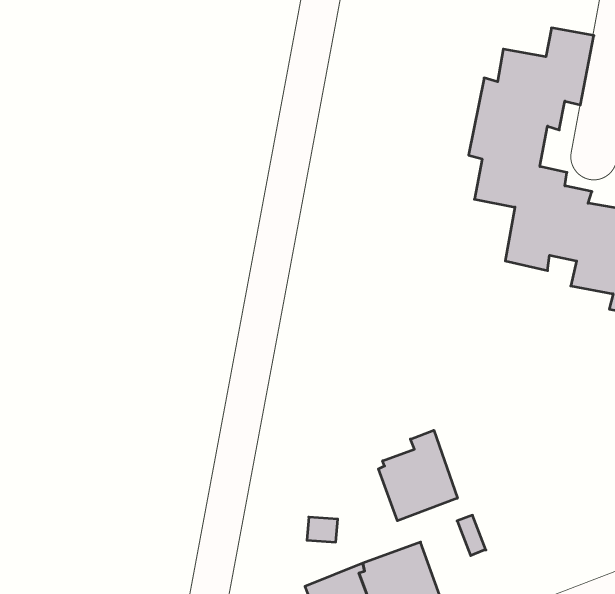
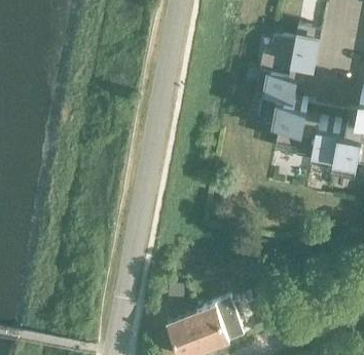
building: [378,430,457,521] -> none

